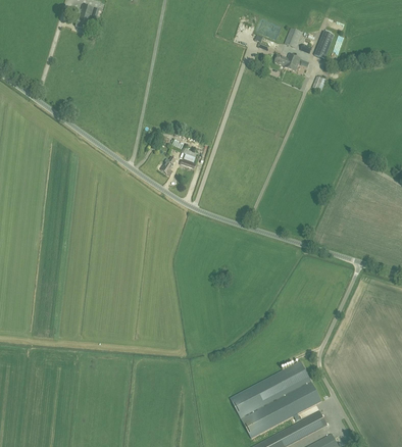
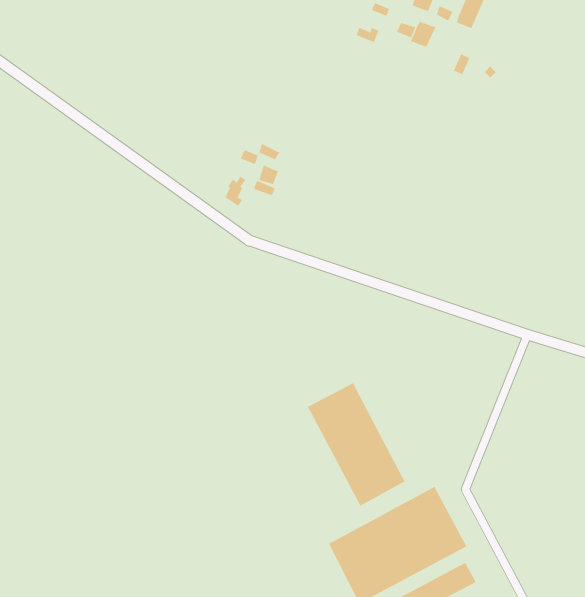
building: none -> [307,382,405,506]

